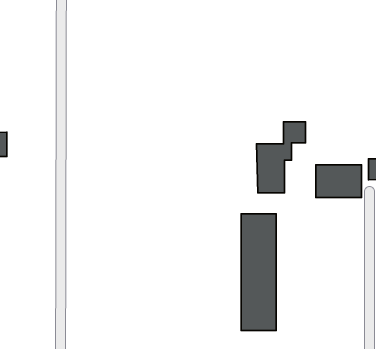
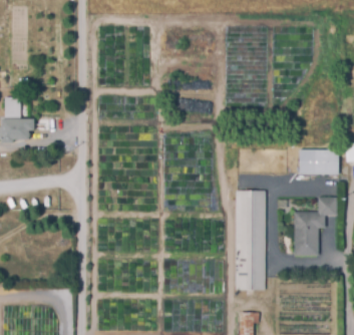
building: [257,122,306,193] -> [294,195,336,256]

